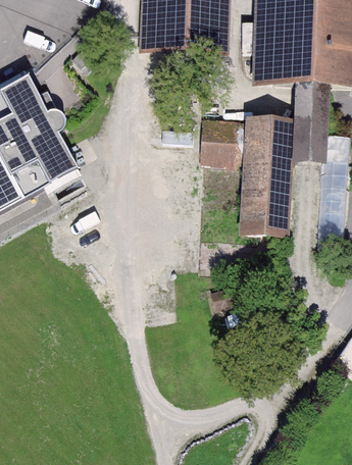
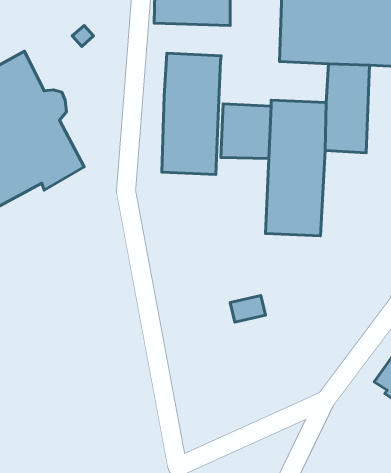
building: none -> [162,53,221,175]

